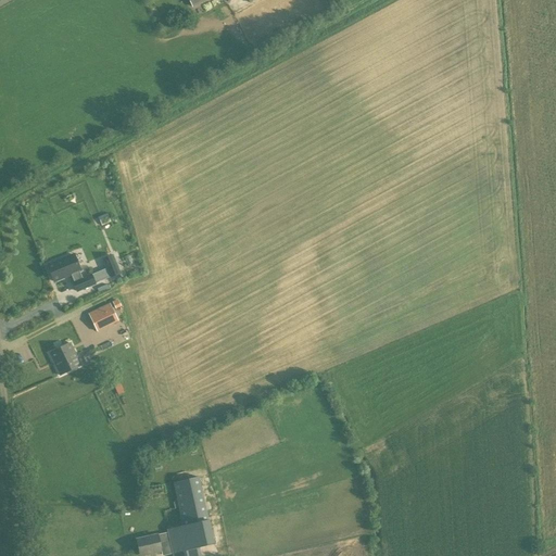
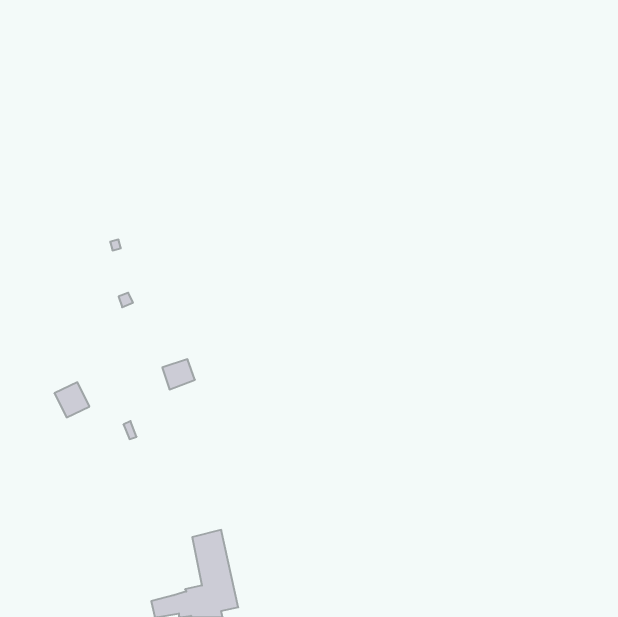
building: [48,253,94,290] -> none
building: [86,303,115,330] -> [162,359,195,389]

